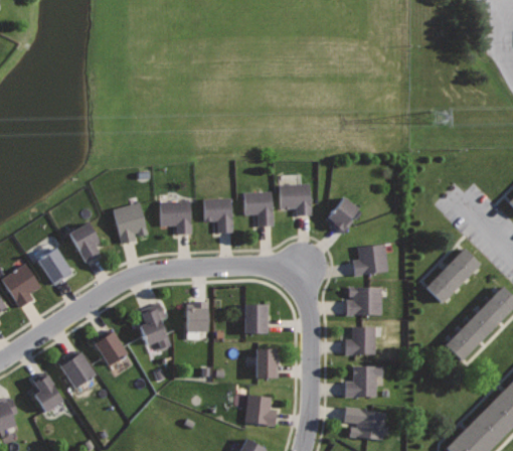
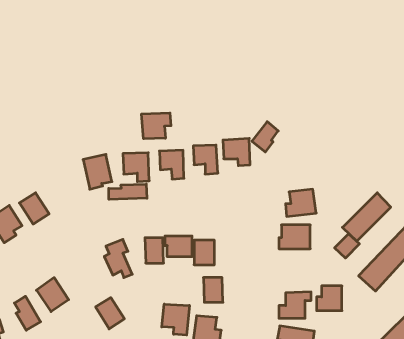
building: none -> [142,113,171,139]
building: [326,197,357,234] -> [252,122,278,152]
building: [69,221,100,262] -> none
building: none -> [109,184,147,199]
building: none -> [335,234,359,258]
building: none -> [165,236,192,257]
building: [345,325,375,354] -> [317,286,342,311]
building: [93,328,127,365] -> [96,298,124,329]
building: none -> [162,304,189,335]

